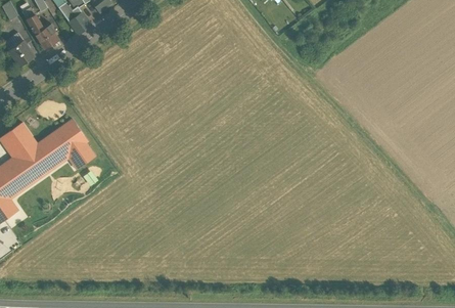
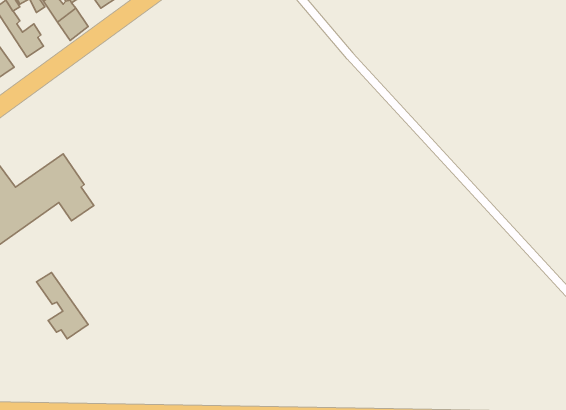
building: none -> [37,272,88,339]

